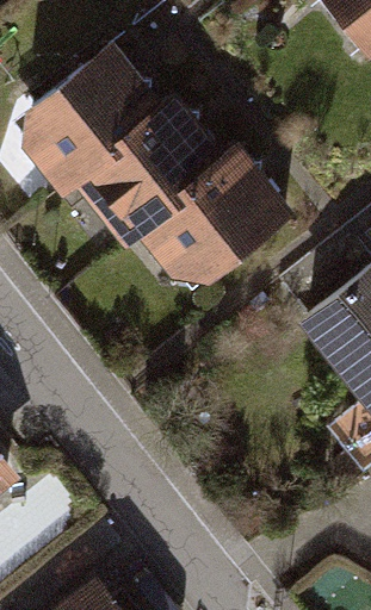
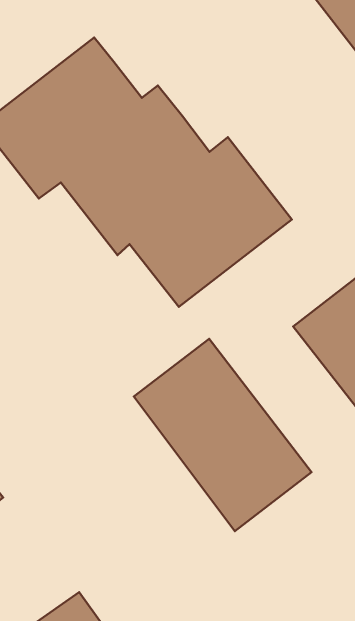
building: none -> [134,339,311,531]

